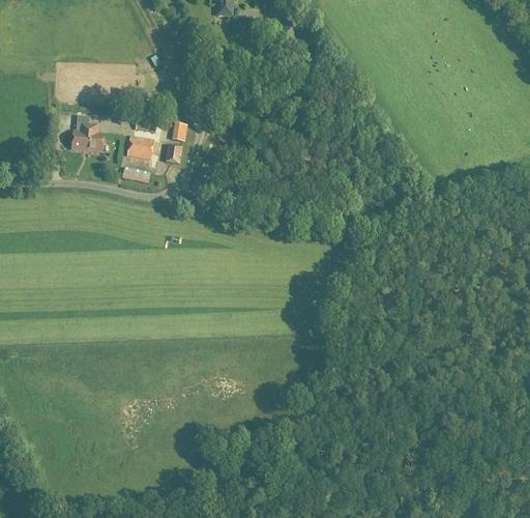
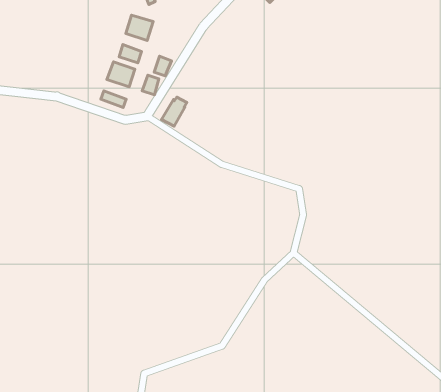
building: none -> [126,15,153,40]
building: [71,123,102,151] -> none

